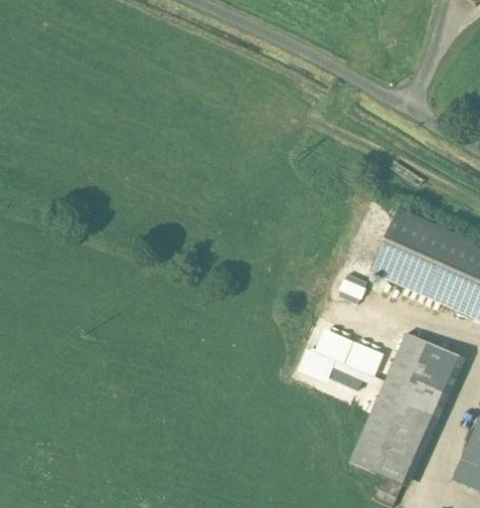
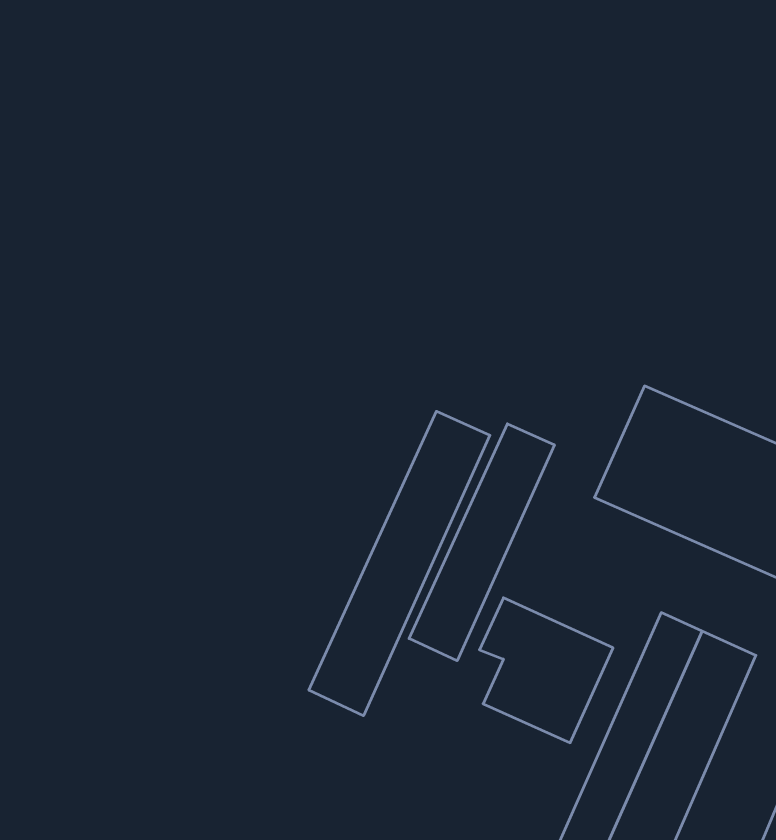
building: none -> [309,411,490,716]
building: none -> [409,424,554,661]

